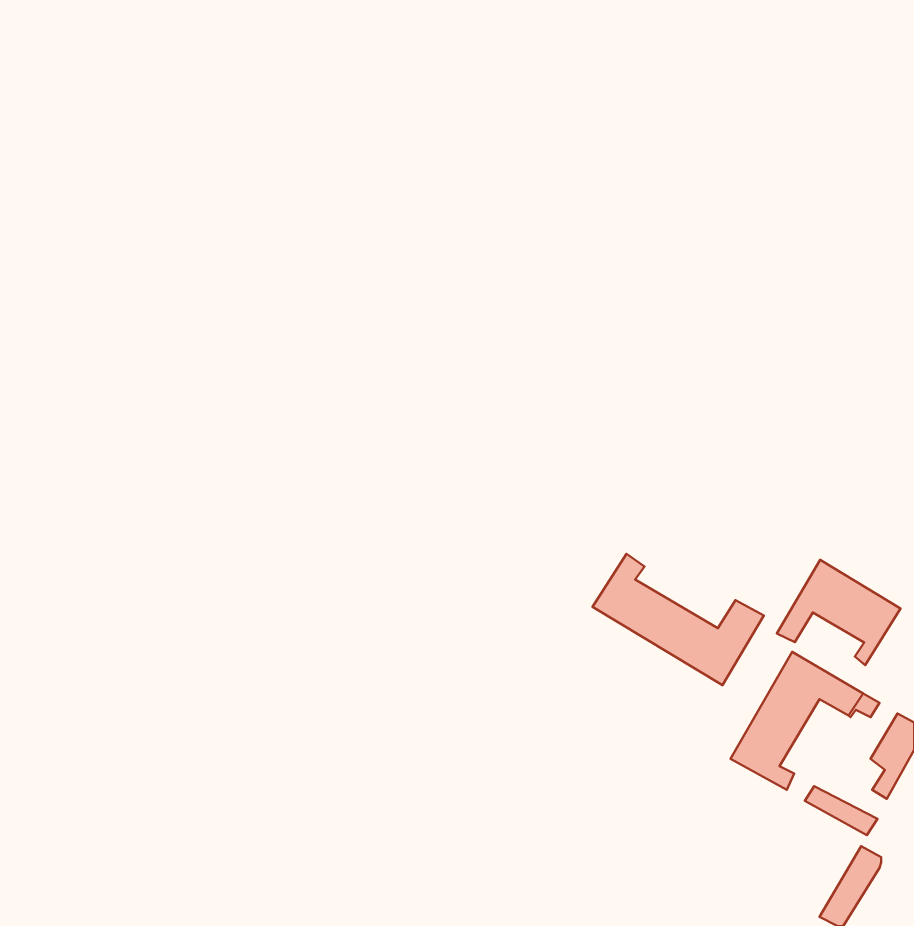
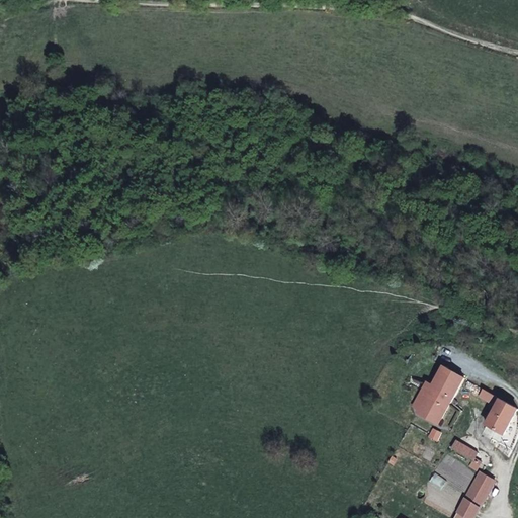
building: [592,554,764,685] -> none
building: [777,560,901,665] -> none

